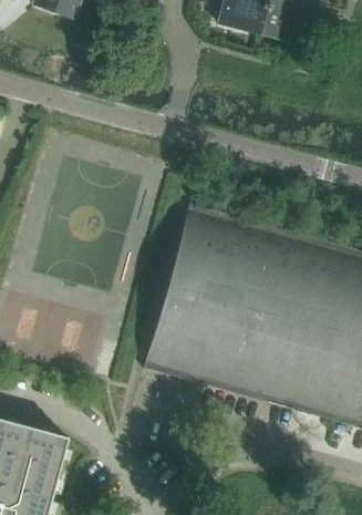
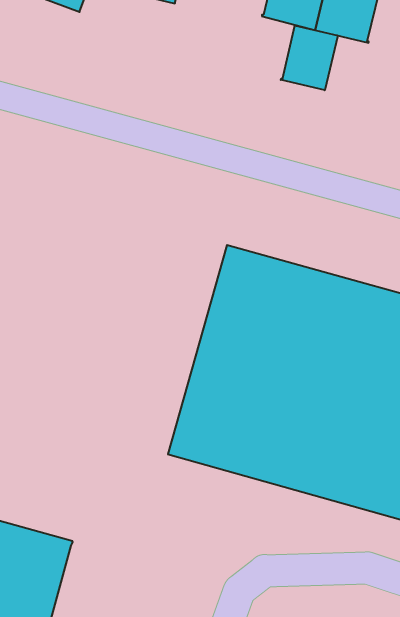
building: none -> [281,26,338,90]

